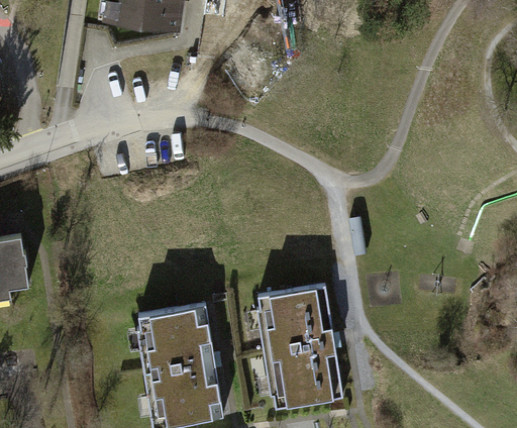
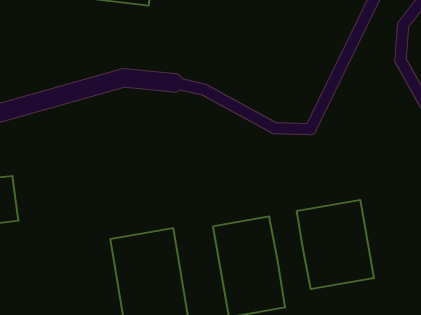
building: none -> [297,200,374,289]

